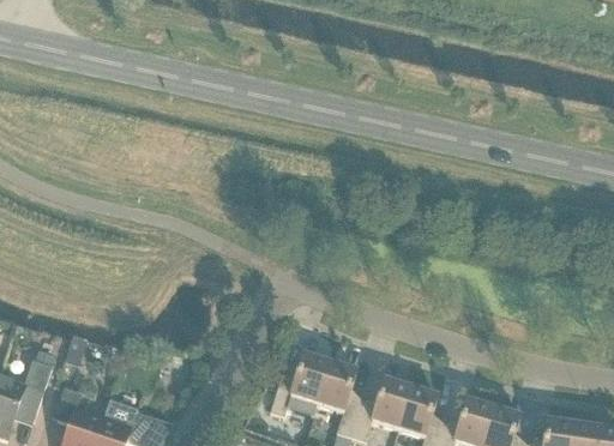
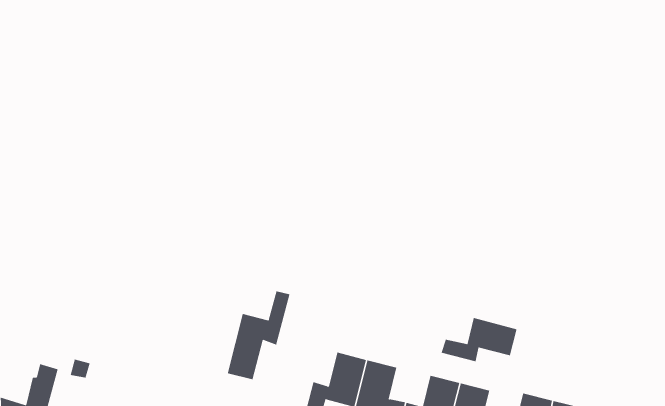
building: none -> [227,291,290,380]
building: none -> [441,317,517,362]

